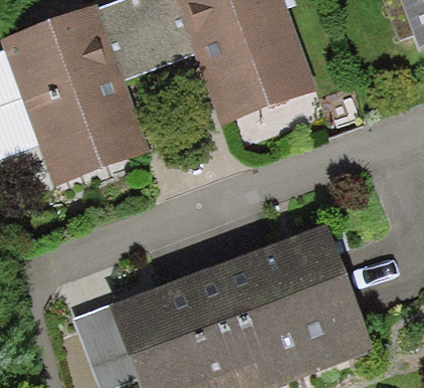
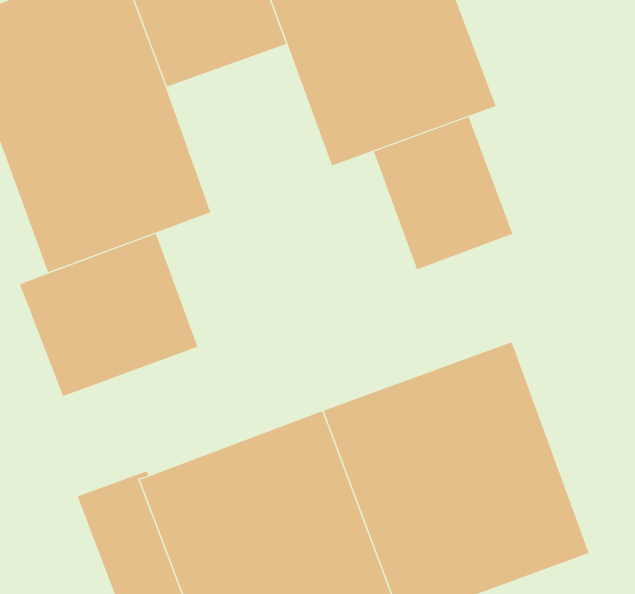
building: none -> [373,116,513,270]
building: none -> [19,233,198,397]

